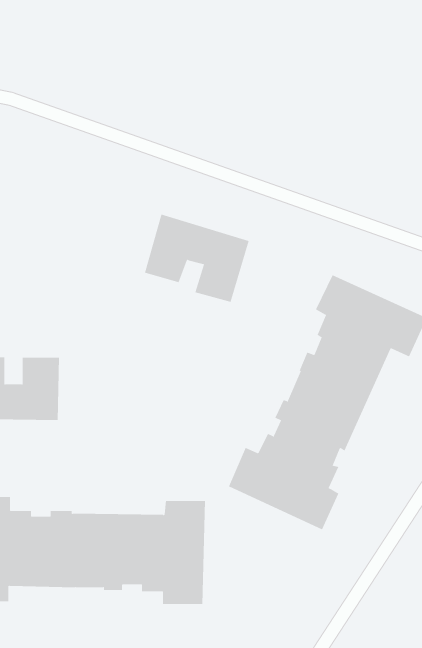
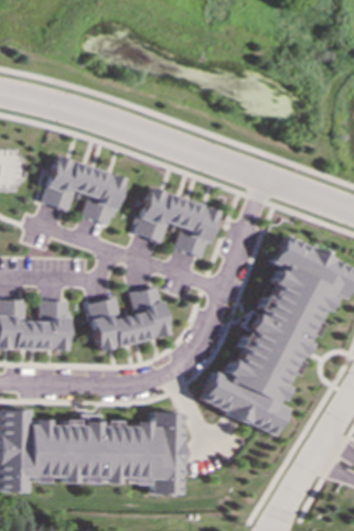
building: none -> [42,156,126,226]
building: none -> [88,286,170,351]

